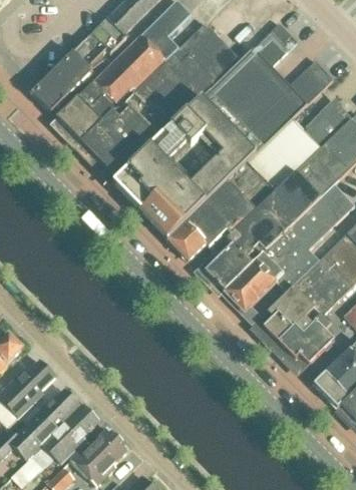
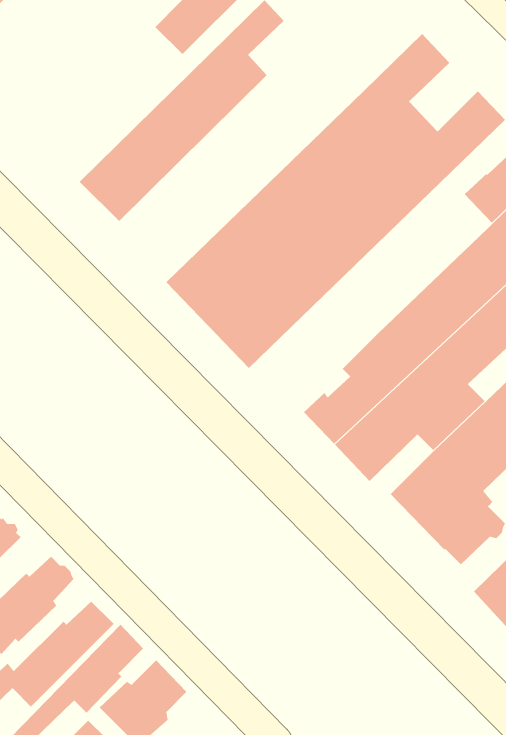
building: [32,18,126,113] -> none
building: [83,23,242,176] -> none
building: [169,120,322,262] -> none

